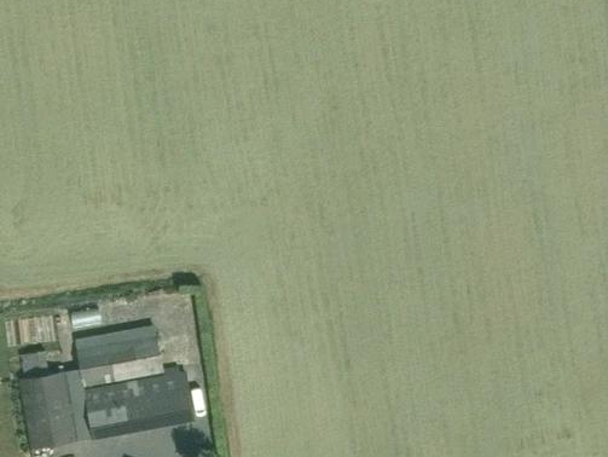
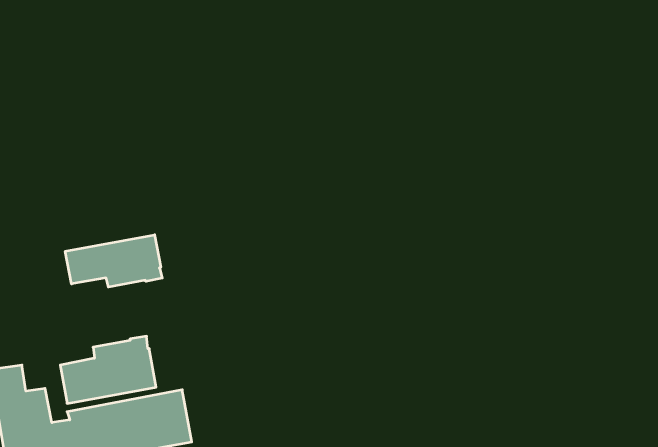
building: none -> [65,235,162,287]

